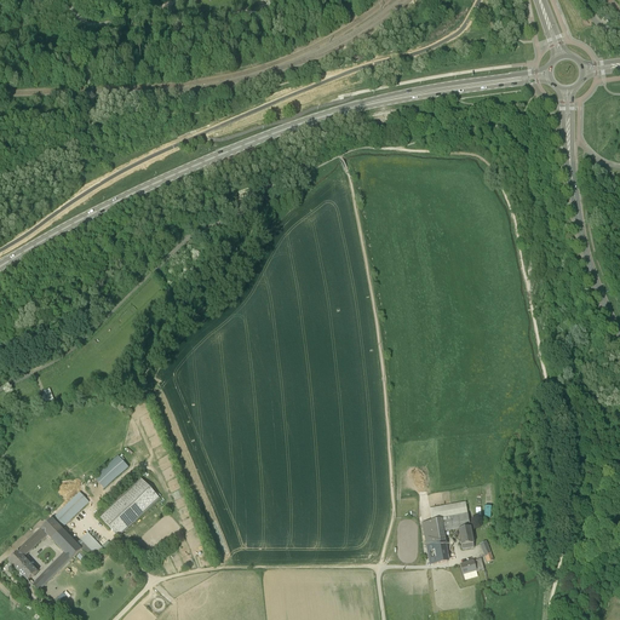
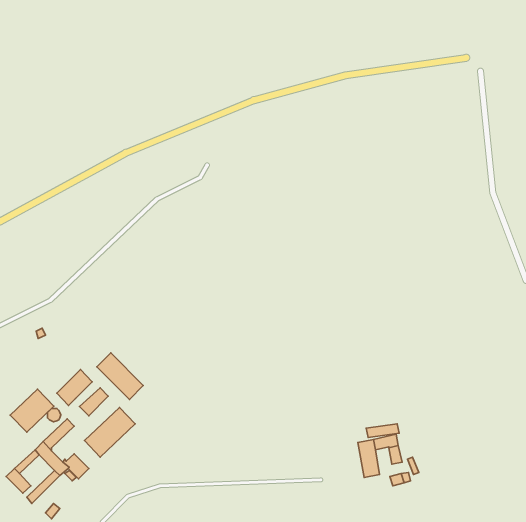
building: none -> [97,353,143,399]
building: none -> [57,369,92,405]
building: none -> [10,389,54,432]

